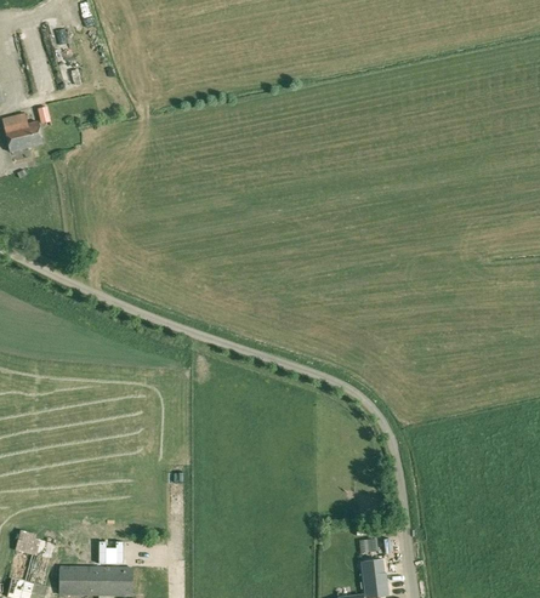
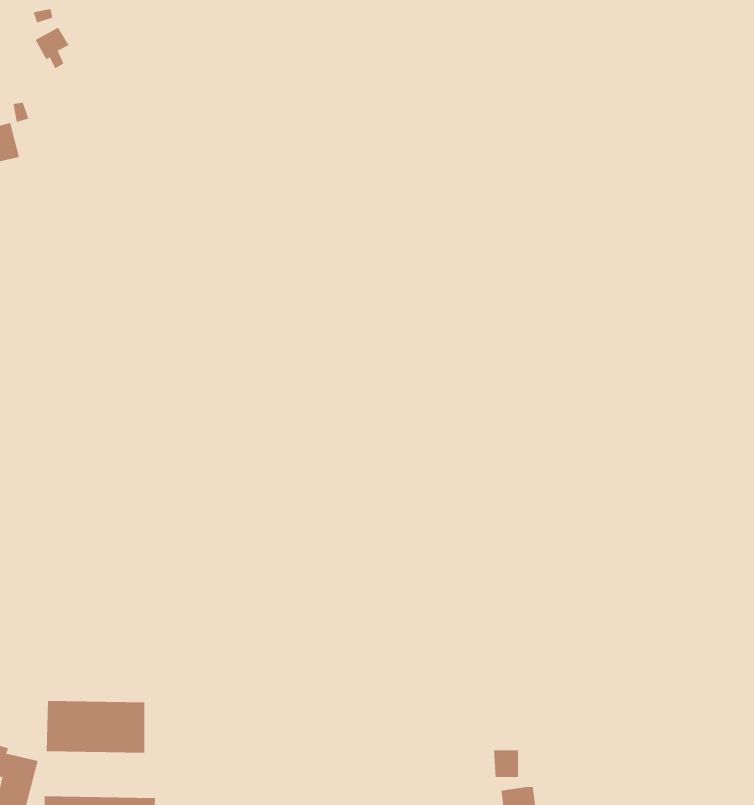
building: none -> [46,700,145,753]

